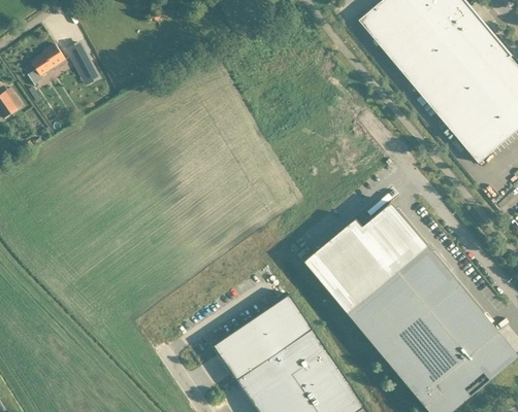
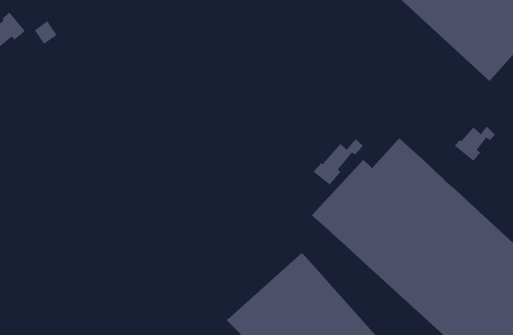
building: none -> [312,138,365,185]
building: none -> [454,125,497,162]

